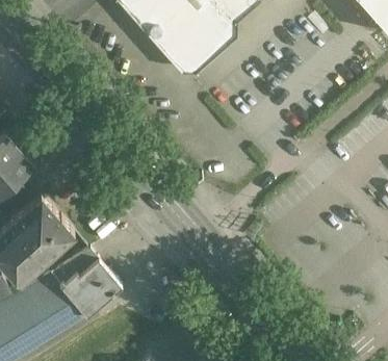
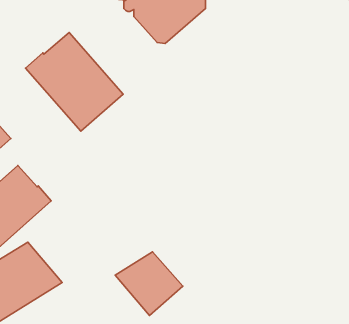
building: none -> [26,33,123,131]
building: [52,251,122,316] -> [115,252,183,315]

